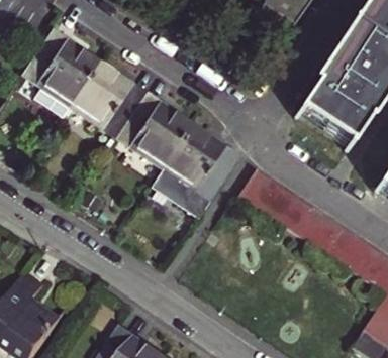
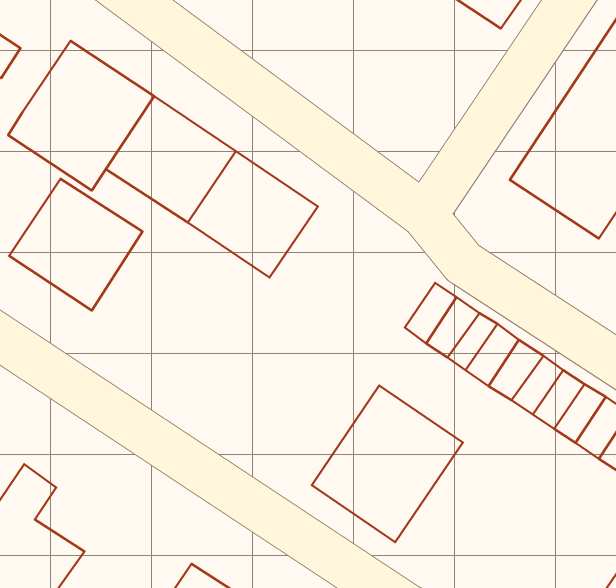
building: none -> [9,179,142,310]
building: [152,126,237,215] -> [312,385,463,542]

